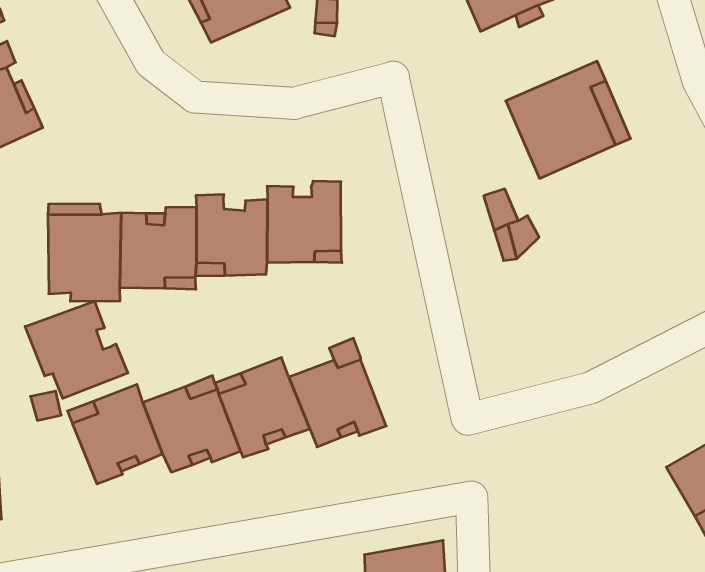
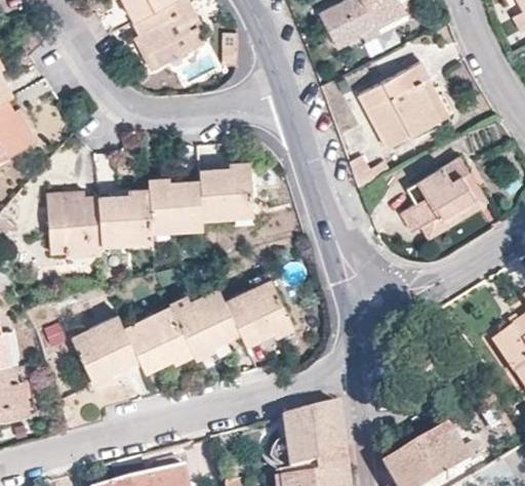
building: none -> [401,156,487,241]
building: [25,301,128,398] -> none

